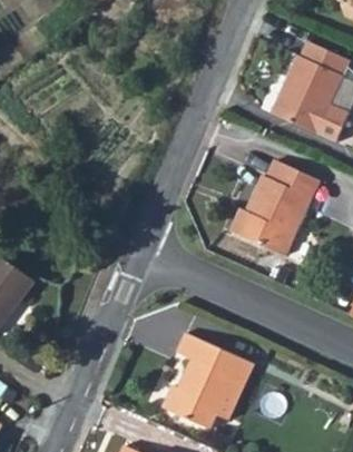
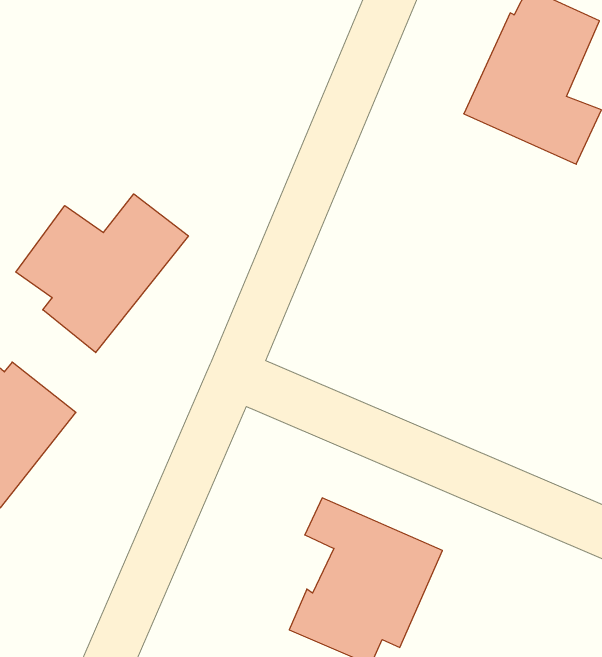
building: none -> [16,194,188,353]
building: [231,158,318,255] -> none

